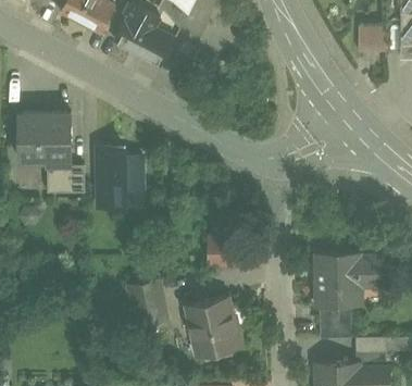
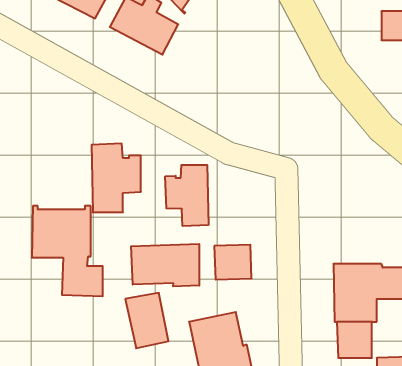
building: [21,113,85,195] -> [32,206,103,296]
building: none -> [165,165,208,226]
building: none -> [131,244,199,286]

